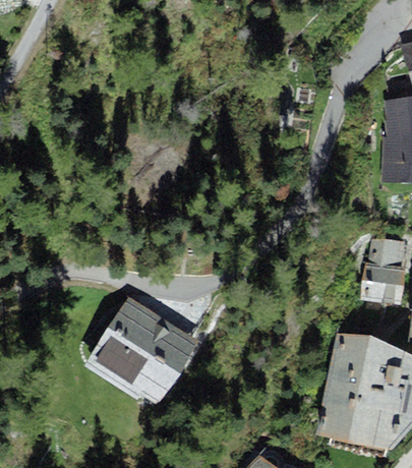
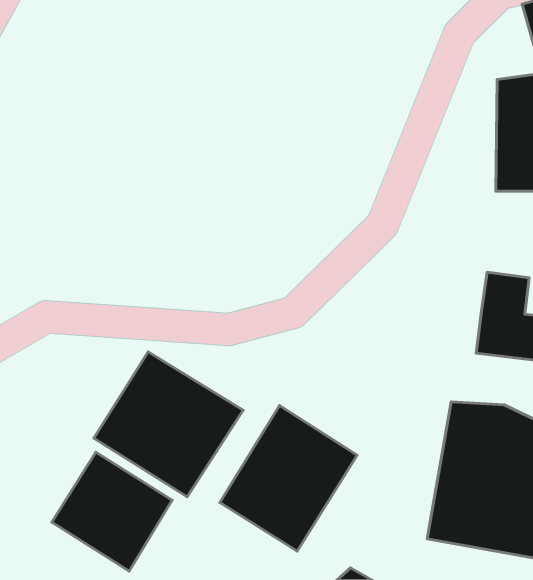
building: none -> [220,405,357,551]
building: none -> [52,452,172,571]

